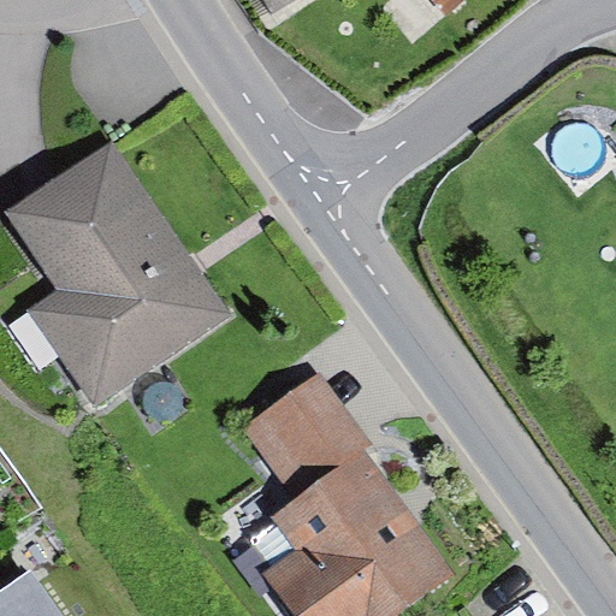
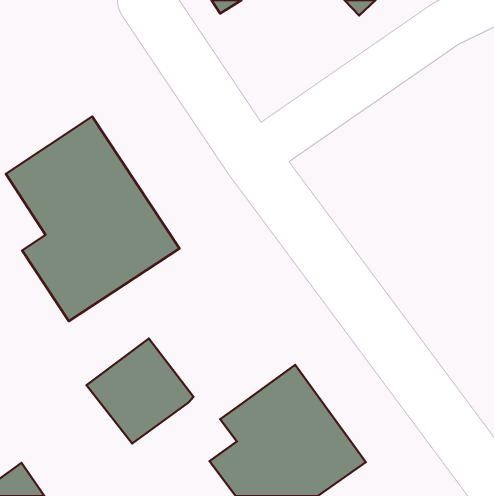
building: [239,373,372,503] -> [87,339,193,443]

